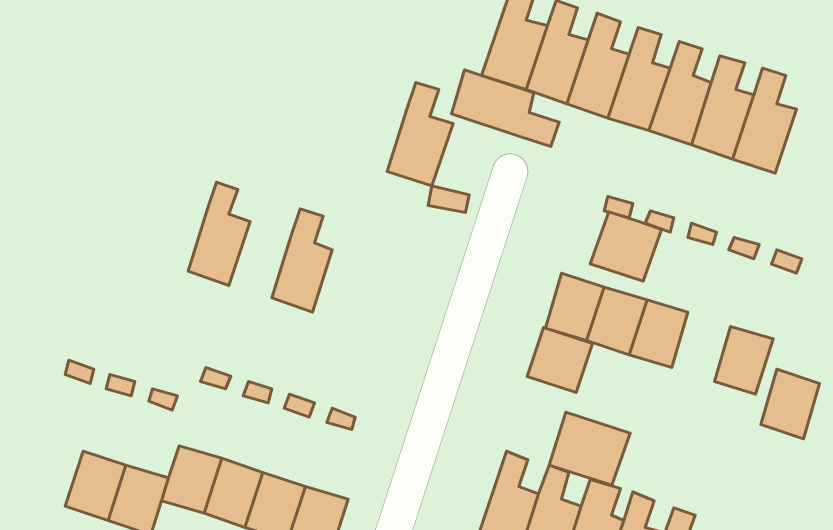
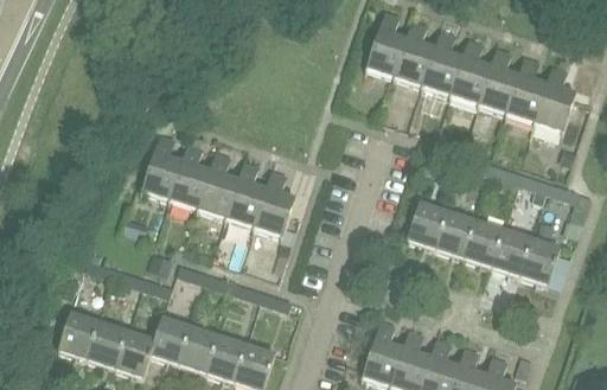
building: [451,70,559,146] -> none
building: [387,83,453,186] -> [251,168,295,237]
building: none -> [140,132,181,200]
building: none -> [196,149,237,218]
building: [590,212,662,281] -> none
building: [527,328,592,393] -> none
building: [761,369,820,439] -> [491,228,530,274]
building: [549,412,630,485] -> none
building: none -> [58,311,98,357]

